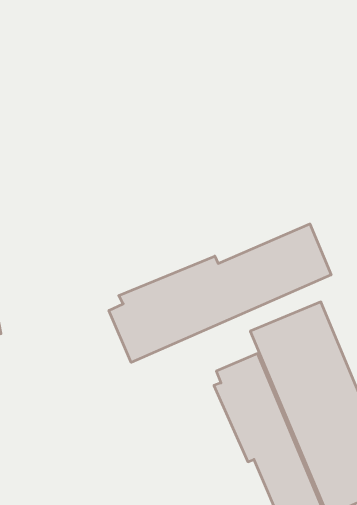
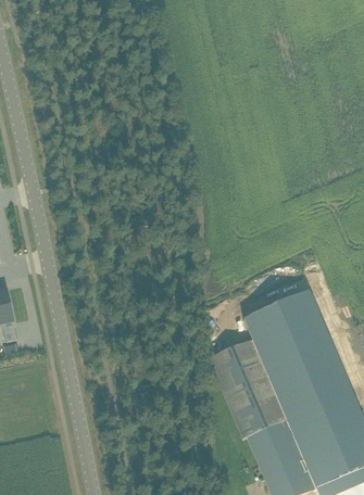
building: [109,224,331,362] -> none

